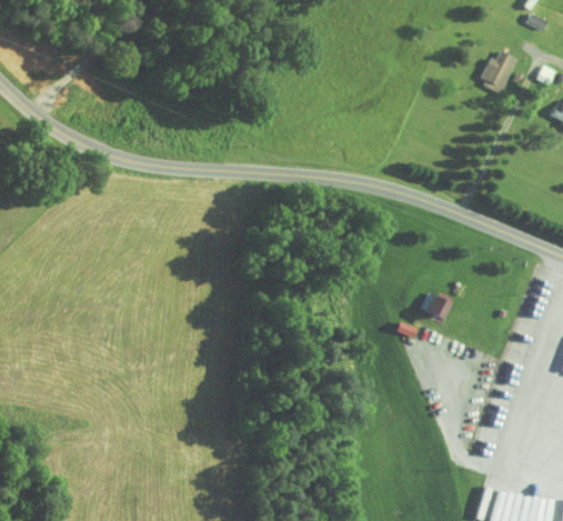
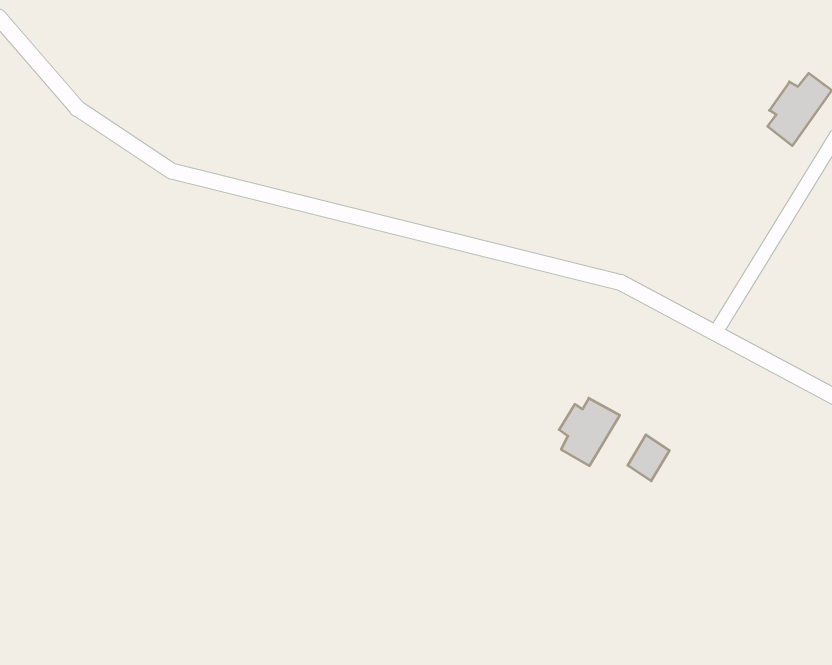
building: none -> [559,398,620,466]

